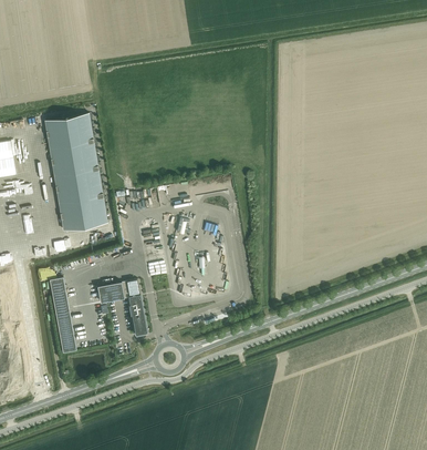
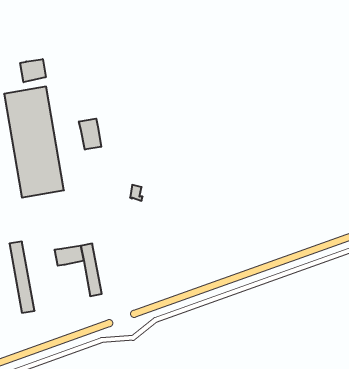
building: none -> [20,59,46,82]
building: none -> [79,119,101,150]

